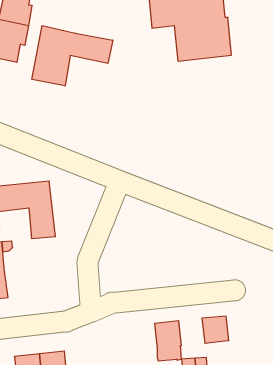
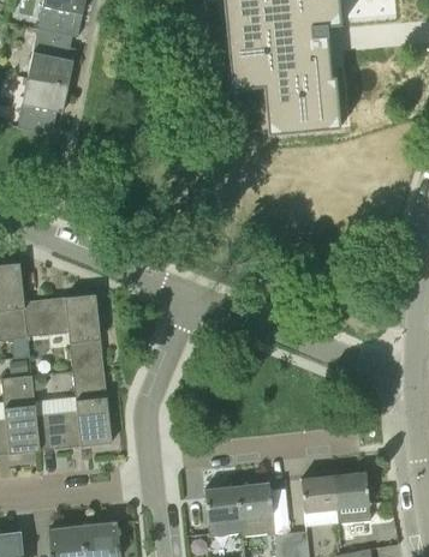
building: [32,26,113,86] -> none
building: none -> [35,369,111,450]
building: none -> [333,472,370,522]
building: none -> [203,485,240,535]

